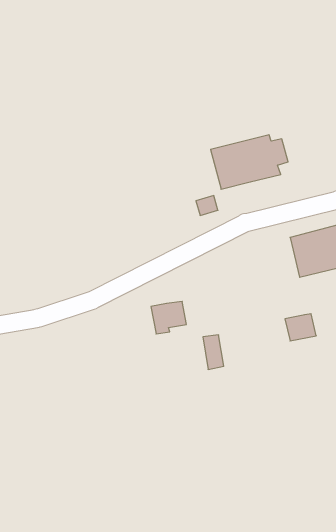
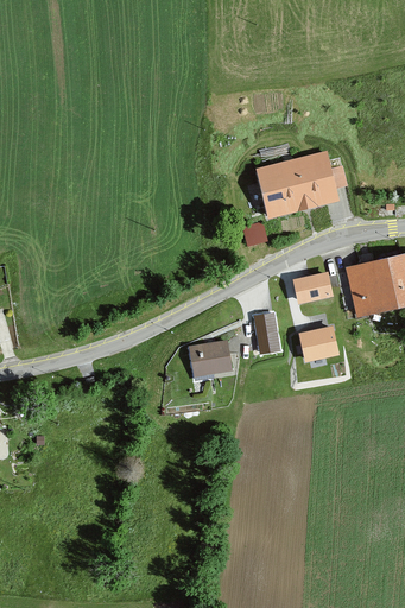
building: none -> [293,274,329,300]
building: [285,314,316,341] -> [300,328,336,359]
building: [203,335,224,369] -> [254,314,278,353]

